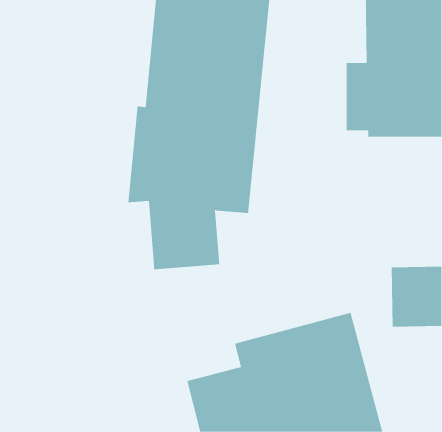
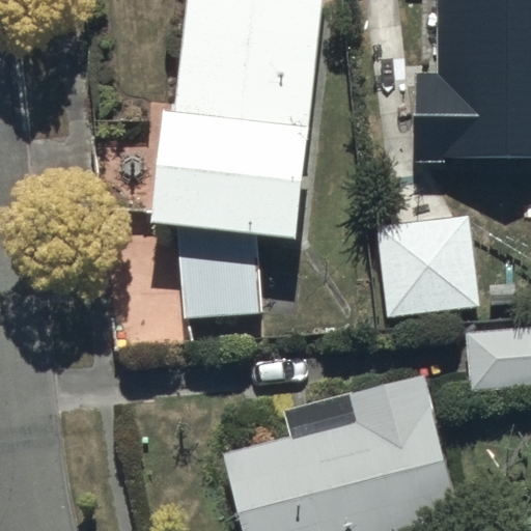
building: none -> [376,217,480,317]

